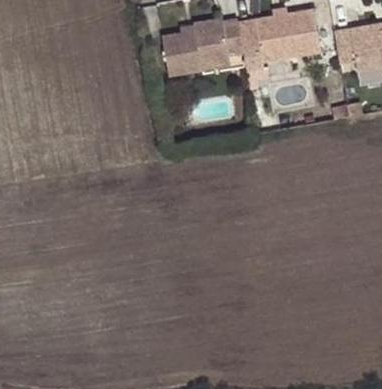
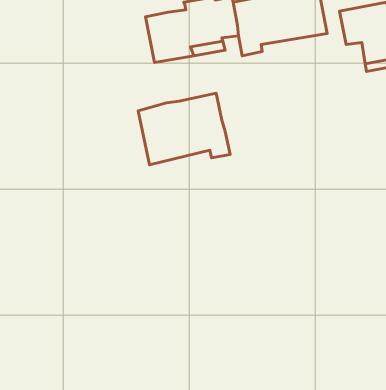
building: none -> [138,93,230,165]

